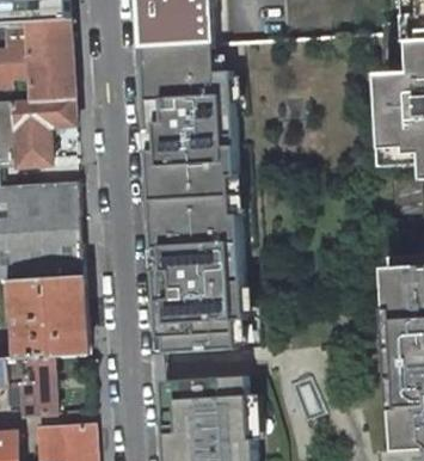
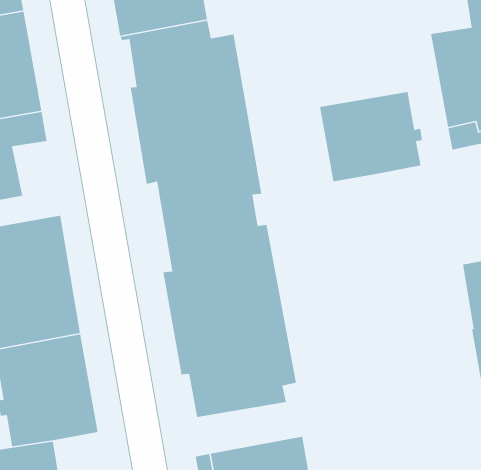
building: none -> [319,91,423,182]

